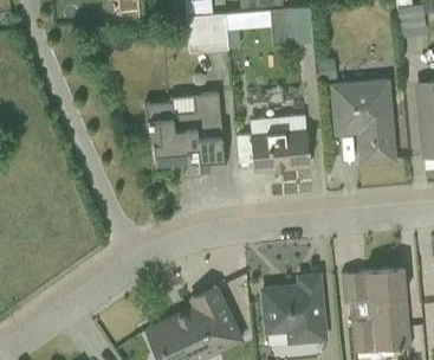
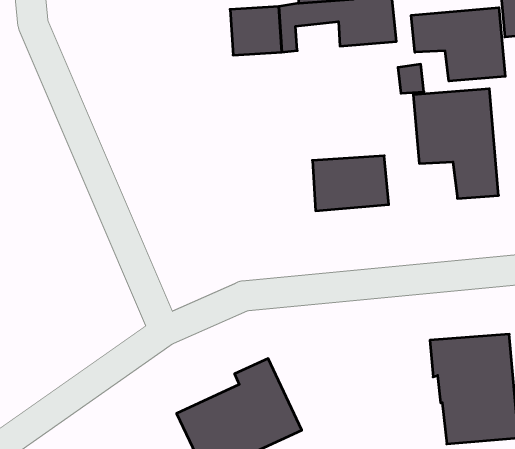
building: none -> [411,8,505,81]
building: [144,92,225,173] -> none
building: [263,275,325,345] -> none

